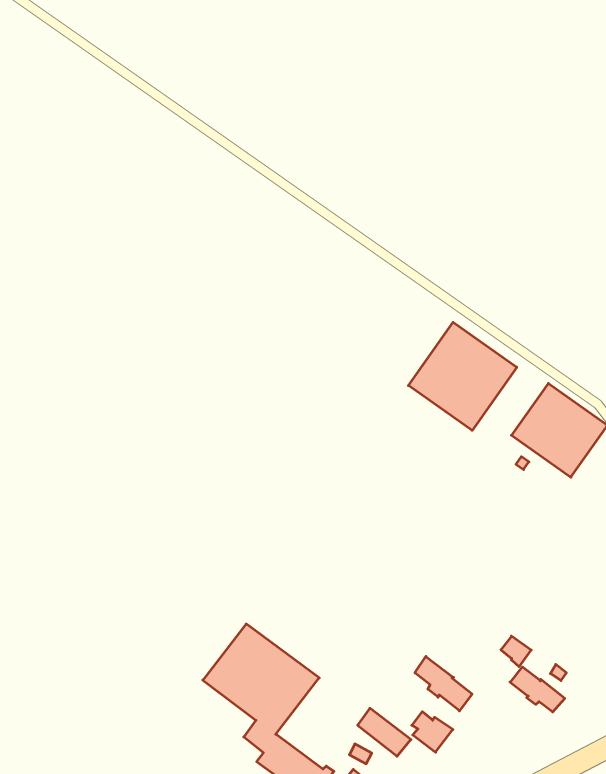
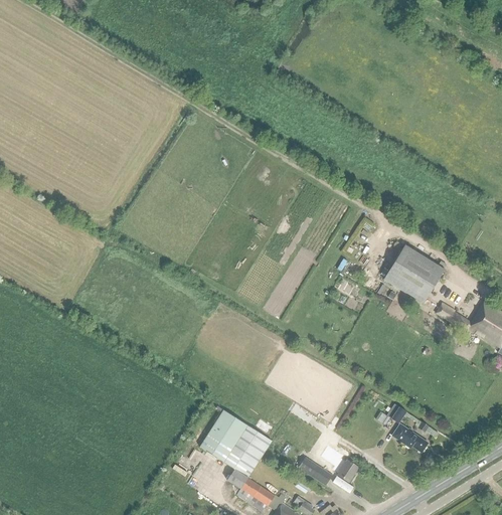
building: [408,322,517,430] -> none
building: [415,656,472,711] -> none

